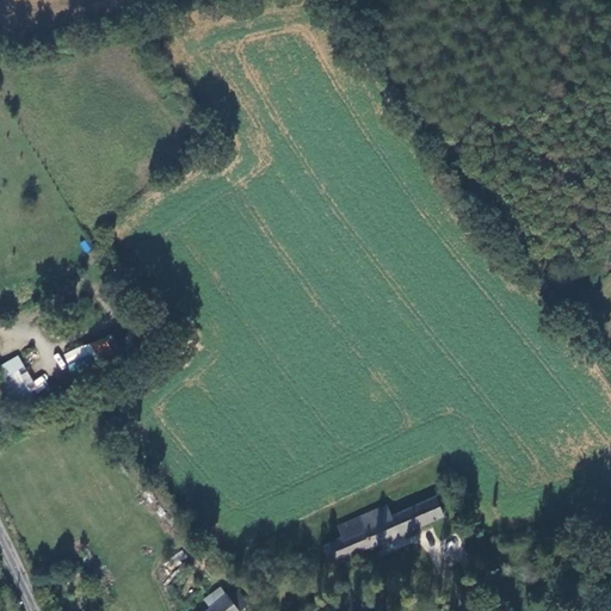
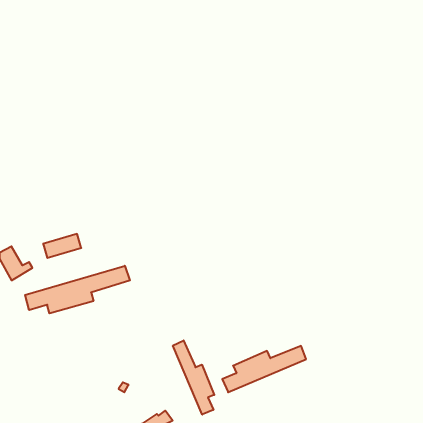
building: none -> [25,266,130,313]
building: none -> [173,340,214,415]

